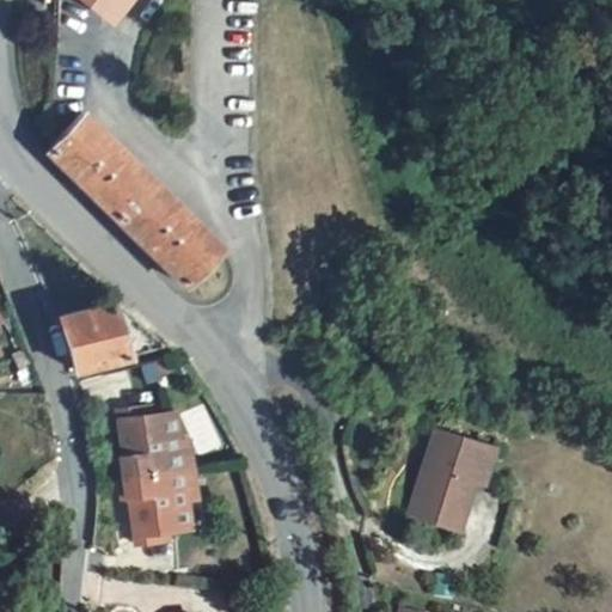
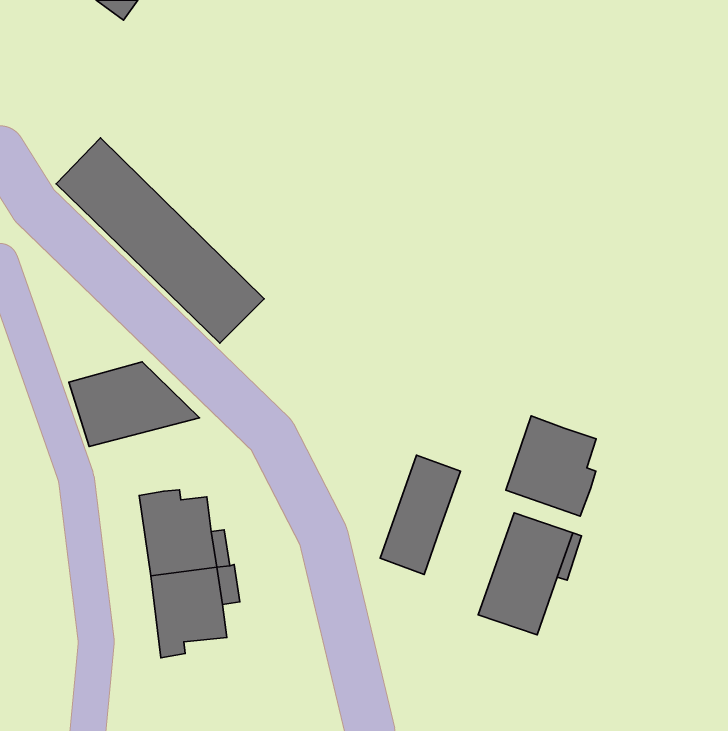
building: none -> [506,416,596,516]
building: none -> [380,455,460,574]

